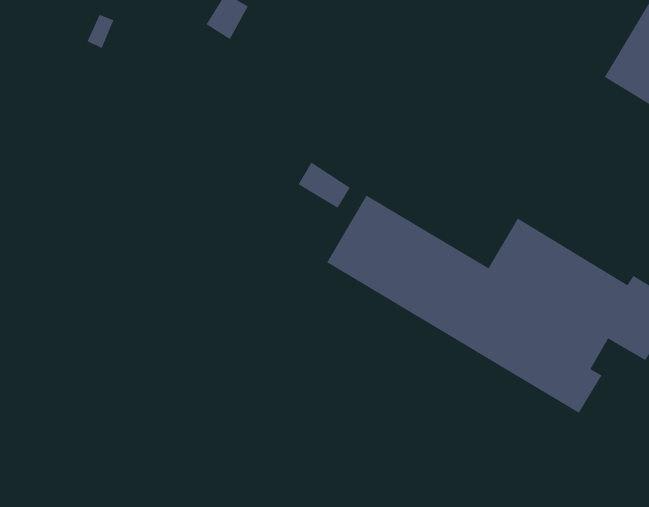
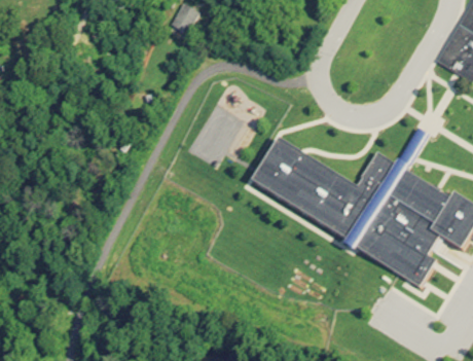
building: [297,161,351,209] -> none

